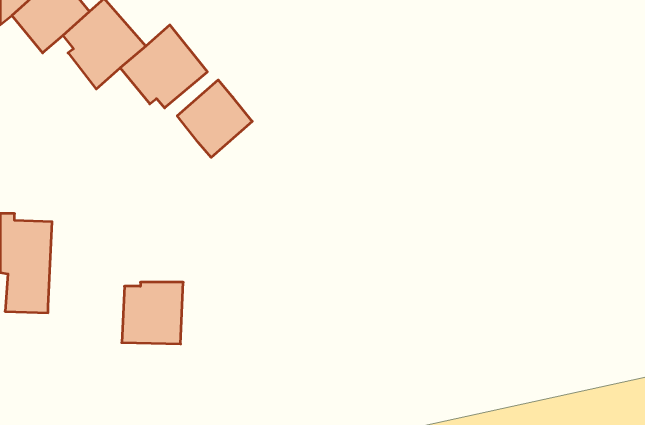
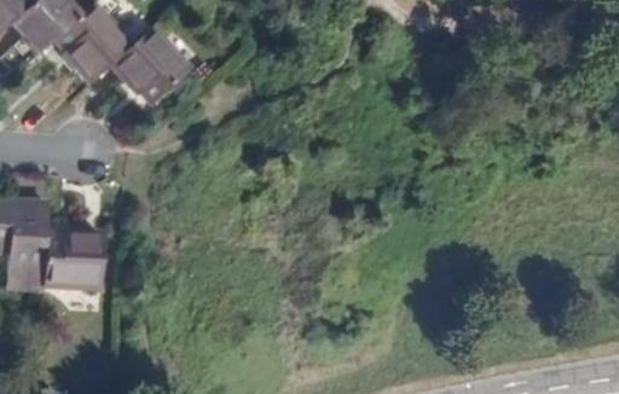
building: [177,80,252,157] -> none
building: [122,282,183,344] -> [46,230,102,285]

